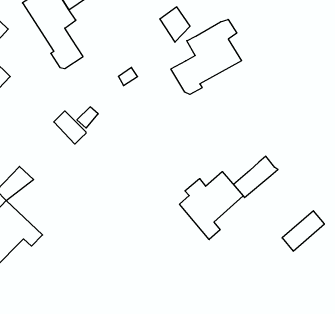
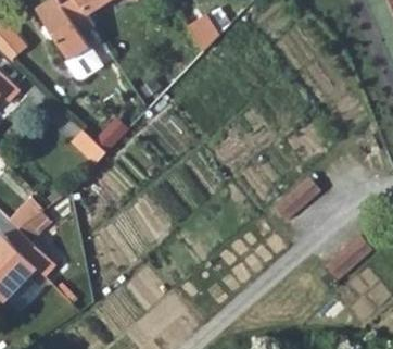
building: [171,19,242,94] -> none
building: [180,172,243,240] -> none

